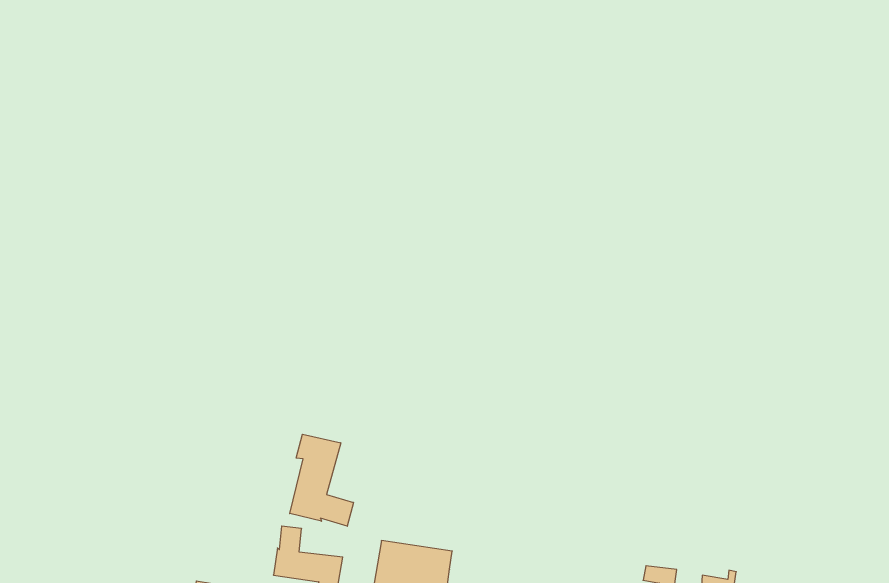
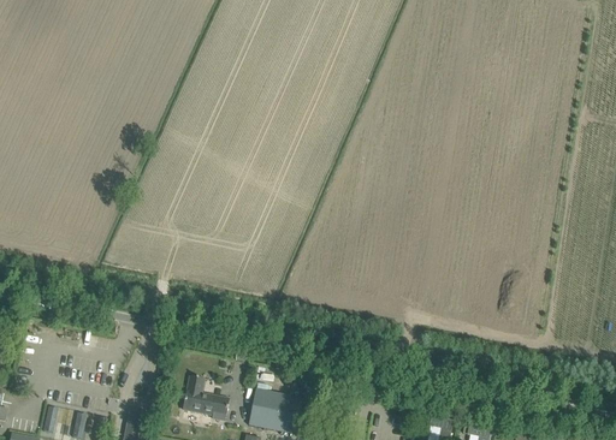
building: [290,434,353,526] -> none

